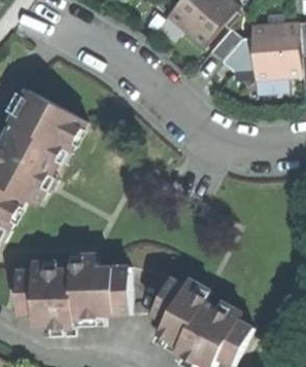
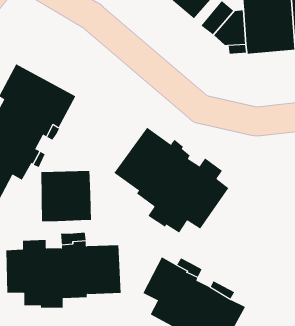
building: none -> [114,127,229,234]
building: none -> [41,170,91,222]

